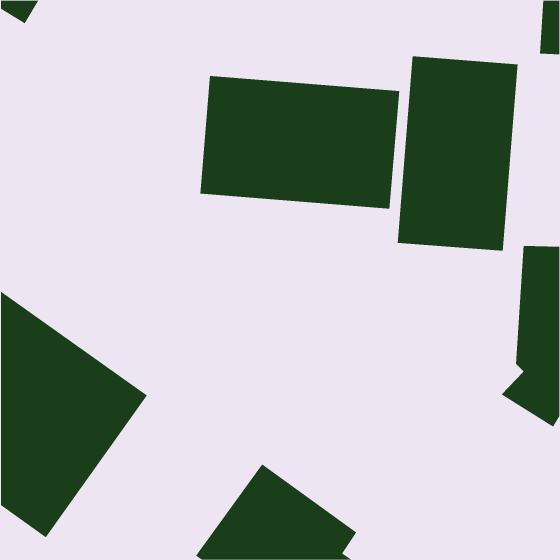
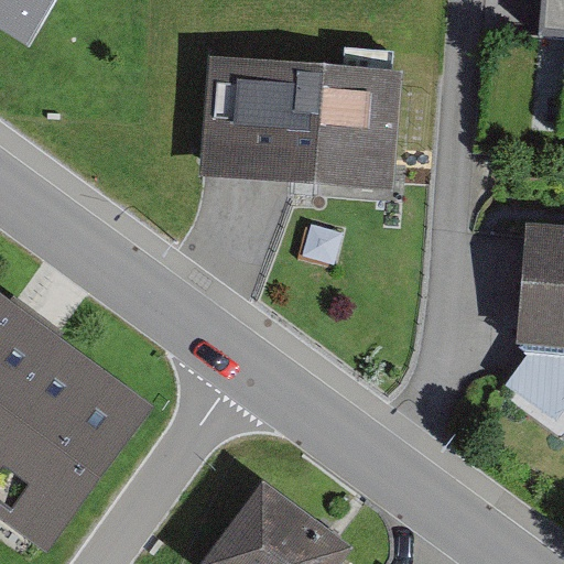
building: [397,55,518,252] -> none

